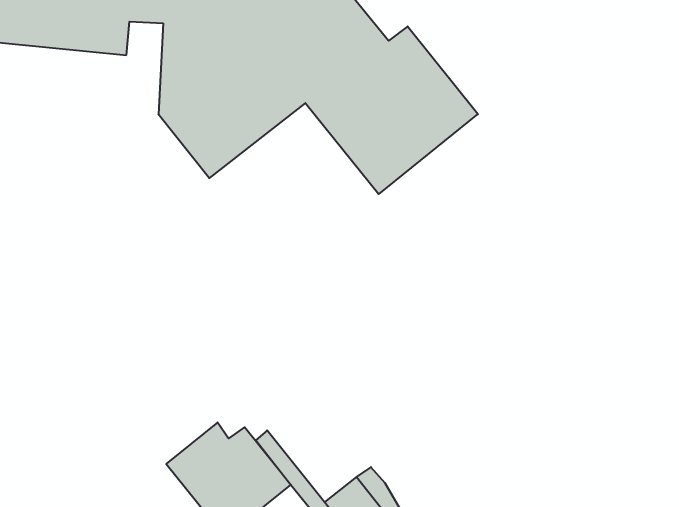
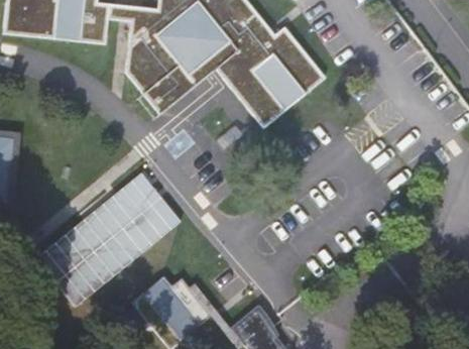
building: none -> [39,173,184,306]

